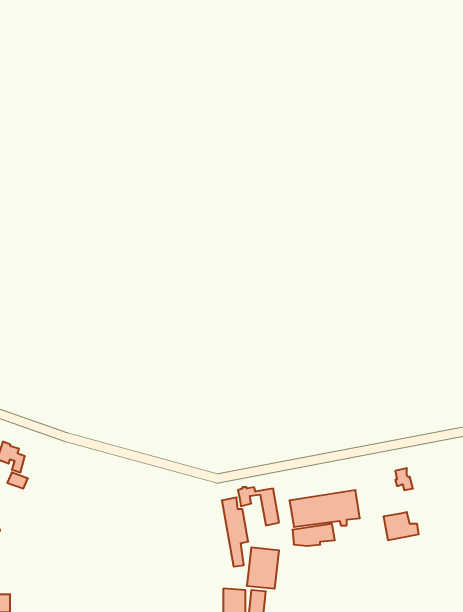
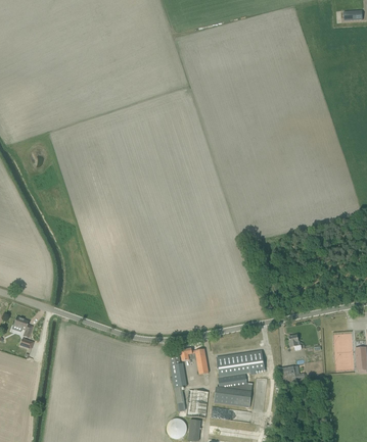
building: none -> [213,387,250,406]

